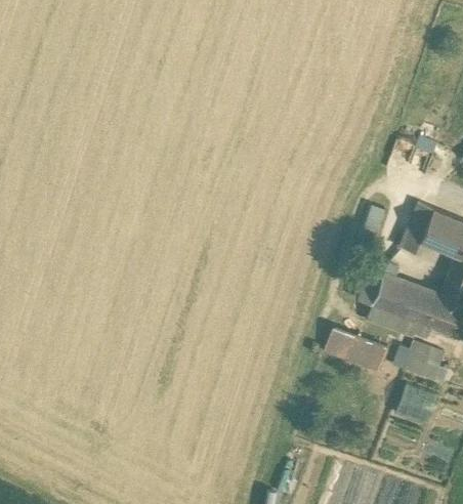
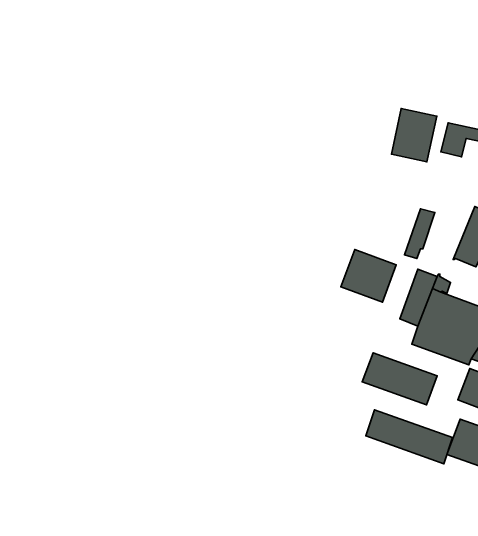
building: none -> [391,109,437,162]
building: none -> [341,249,396,302]
building: none -> [366,410,453,464]

